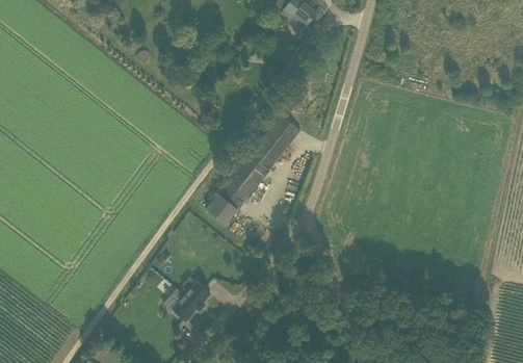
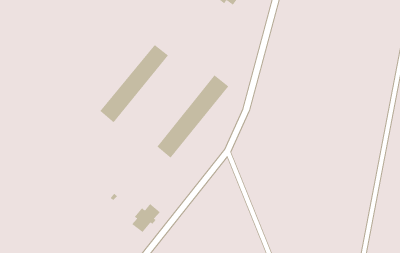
building: none -> [99,44,169,123]

